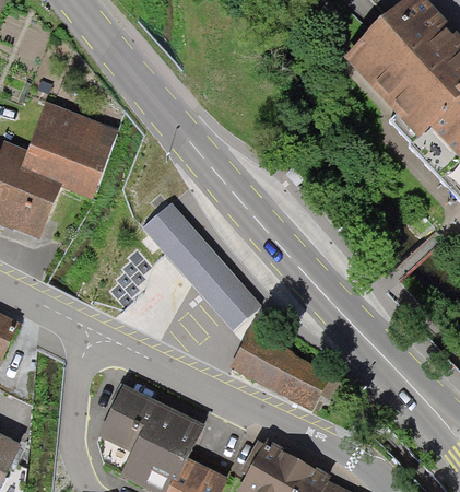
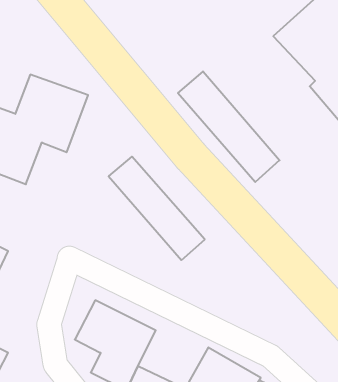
building: none -> [178,71,280,182]
building: [228,321,349,414] -> none

